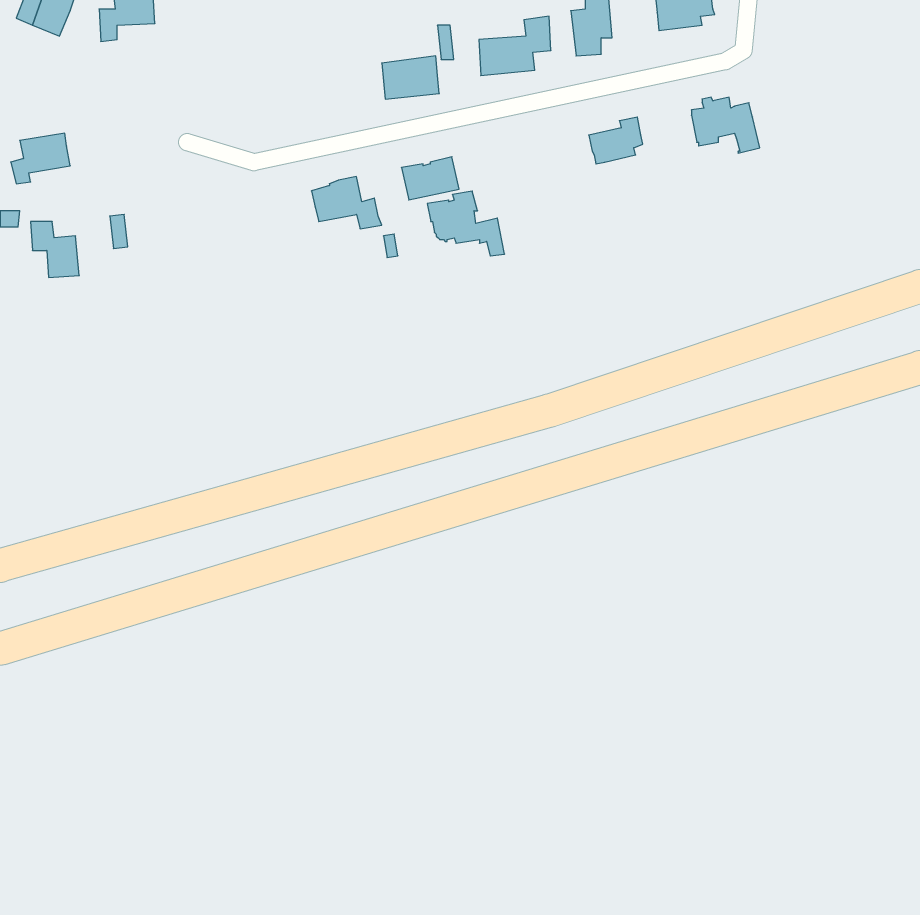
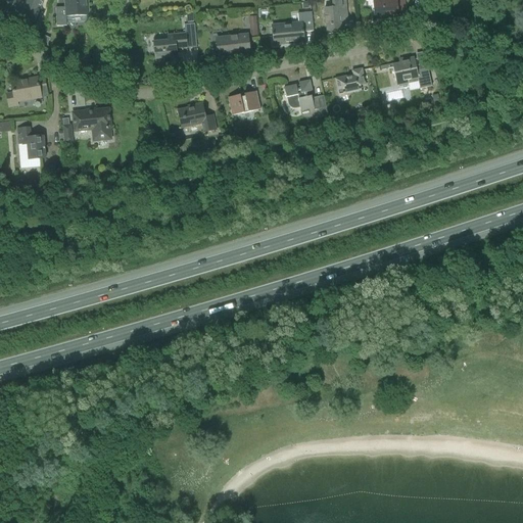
building: none -> [153,21,195,59]
building: none -> [73,106,110,140]
building: [427,191,505,256] -> [284,78,328,114]

